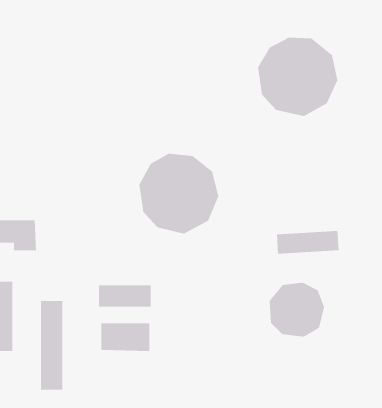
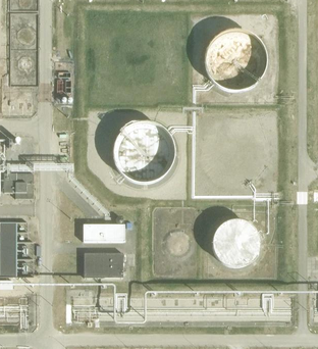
building: [276,230,339,254] -> none
building: [41,300,63,390] -> none

